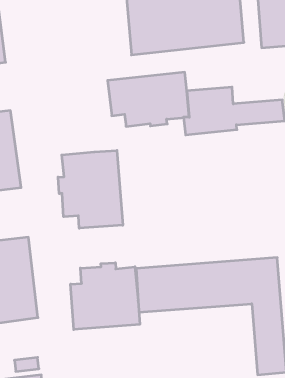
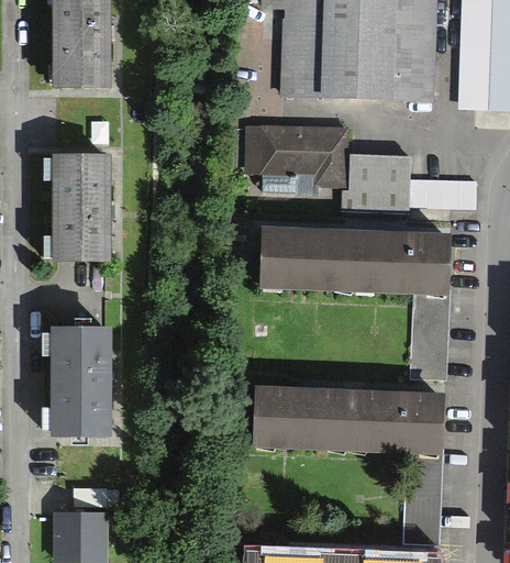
building: none -> [257,225,453,382]
building: [58,150,123,228] -> none
building: [71,263,140,330] -> none

